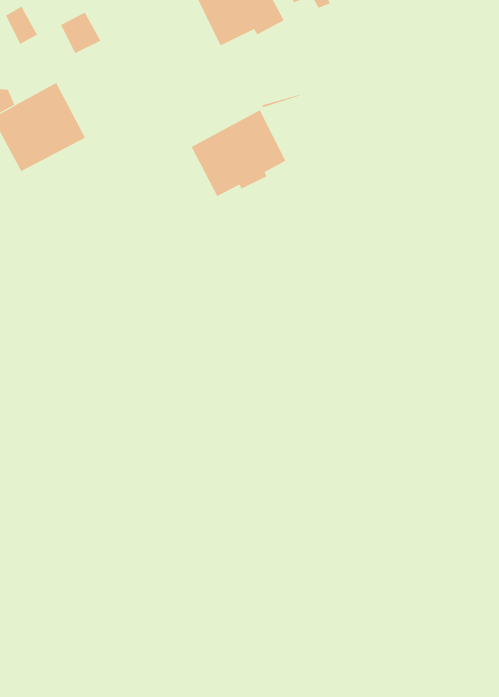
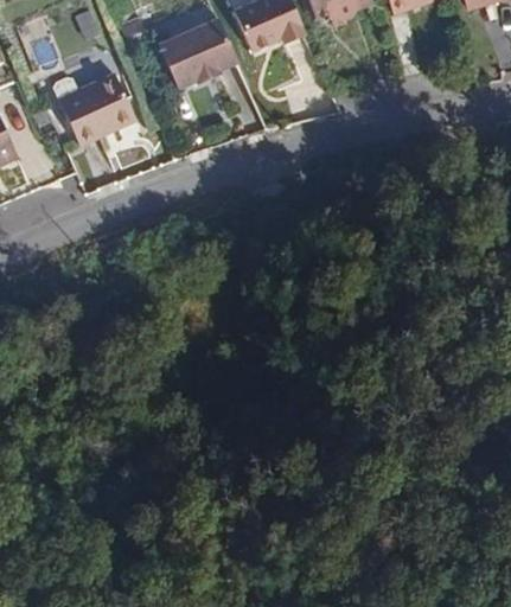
building: [191,110,286,197] -> [159,18,237,88]

